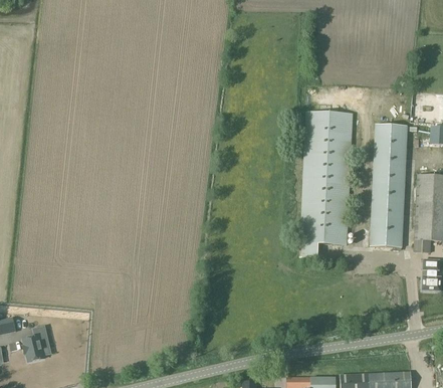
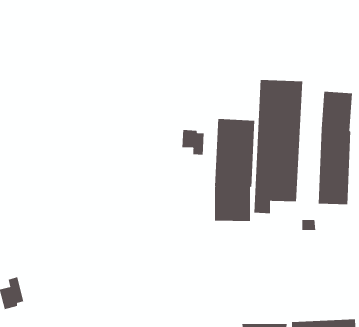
building: none -> [215,118,255,222]
building: none -> [182,129,204,156]

